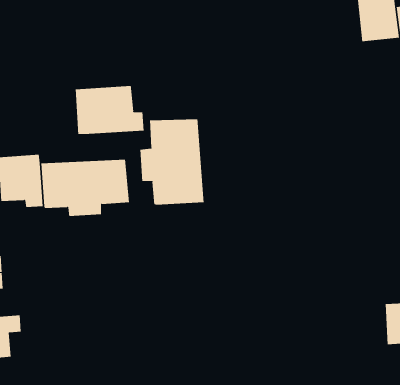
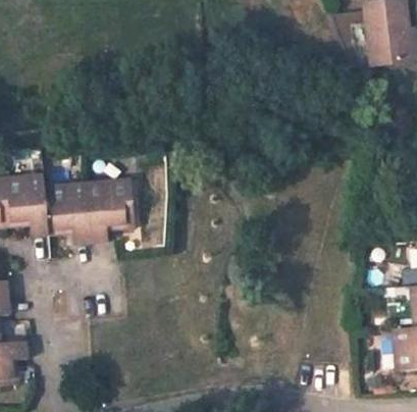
building: [75,85,144,135] -> none
building: [140,118,204,205] -> none

